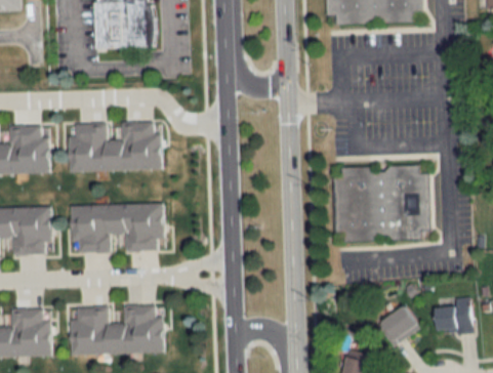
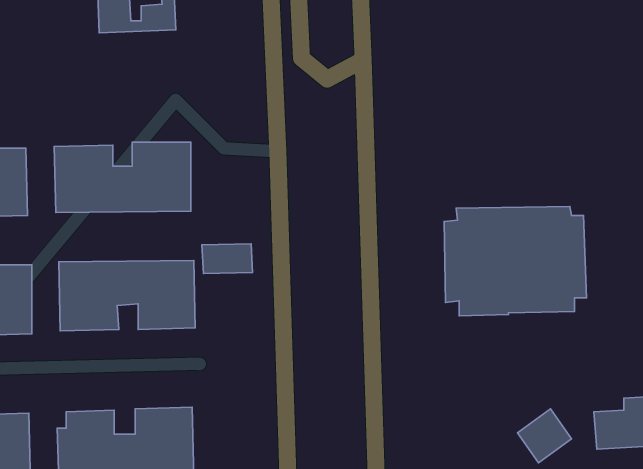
building: none -> [202,244,253,273]

